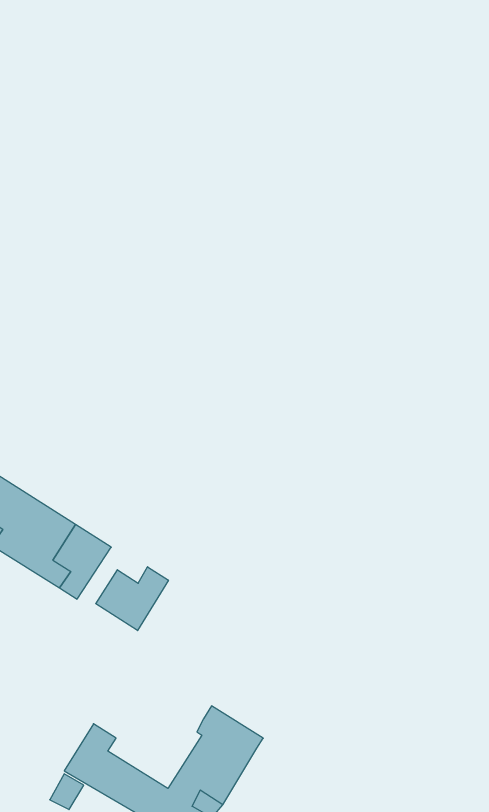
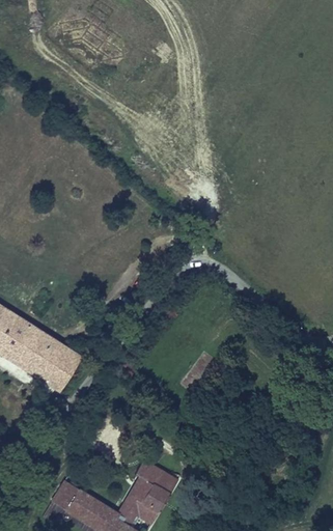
building: [96,567,168,631] -> none

